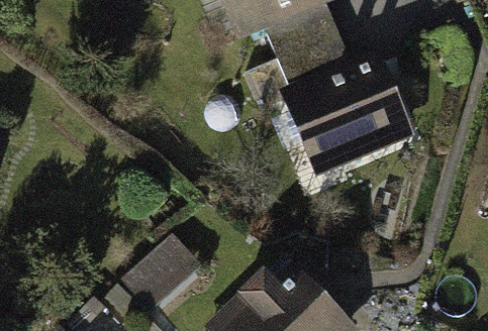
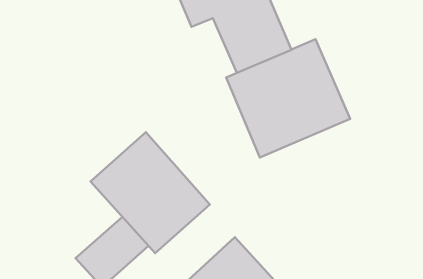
building: none -> [91,132,210,253]

